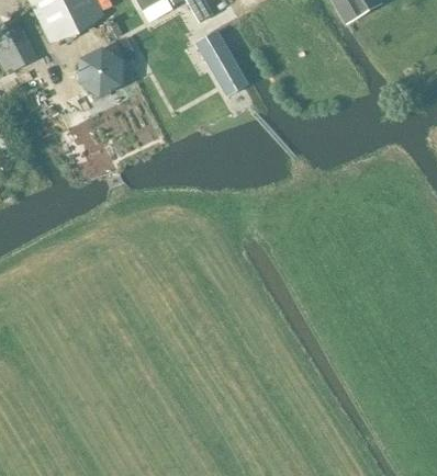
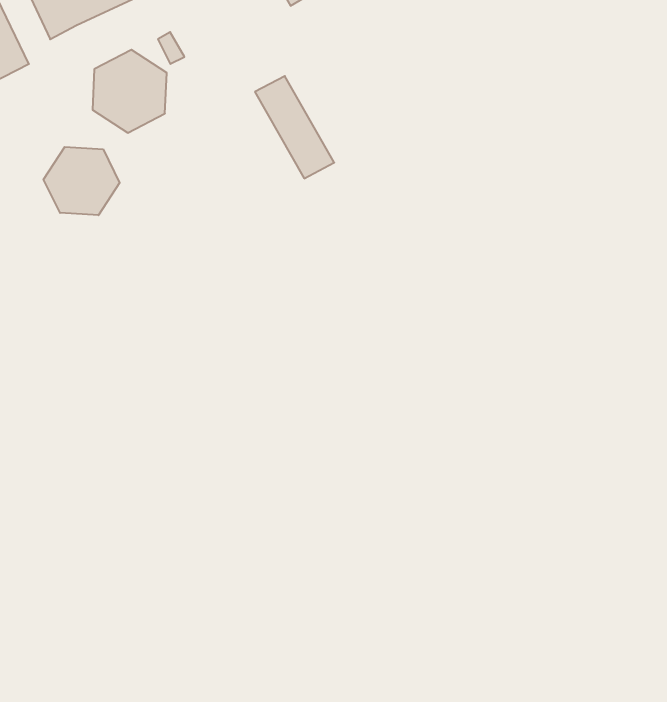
building: [197,33,246,97] -> [255,76,334,178]
building: none -> [44,147,120,215]

